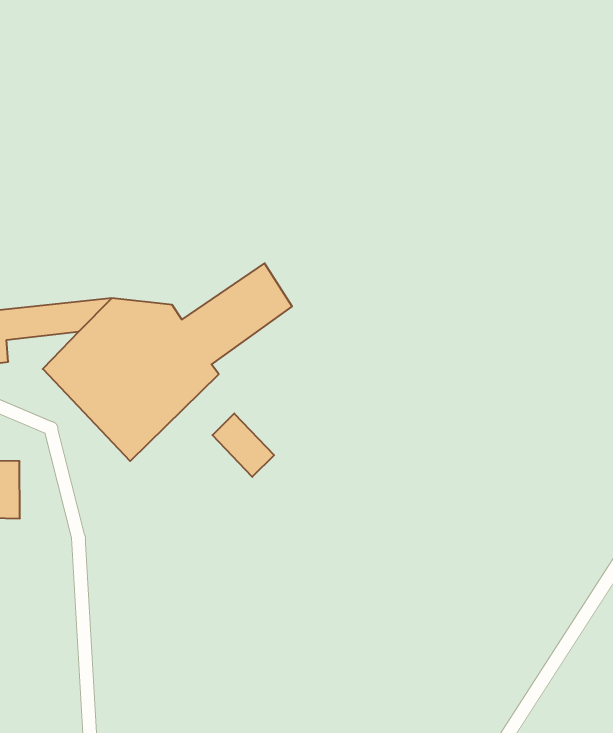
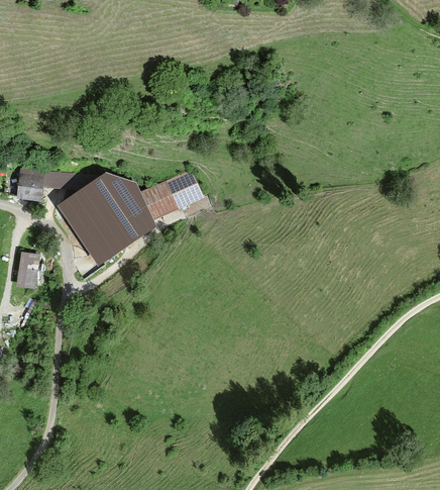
building: [212,413,274,477] -> none

